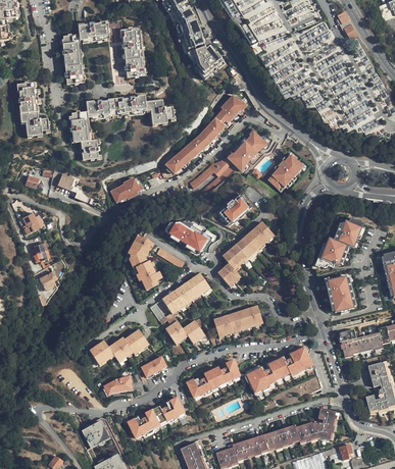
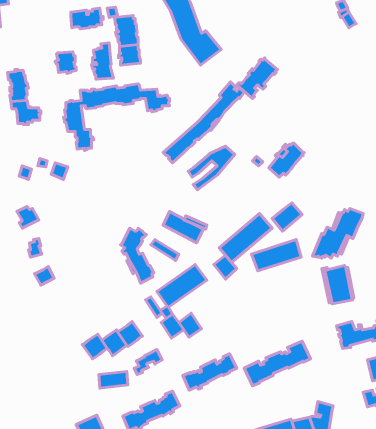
building: [59,29,81,64] -> [92,43,113,79]
building: [229,129,268,169] -> [237,58,277,98]
building: [113,175,145,201] -> none
building: [220,194,250,221] -> [272,203,302,231]
building: [213,306,262,336] -> [251,240,301,271]

